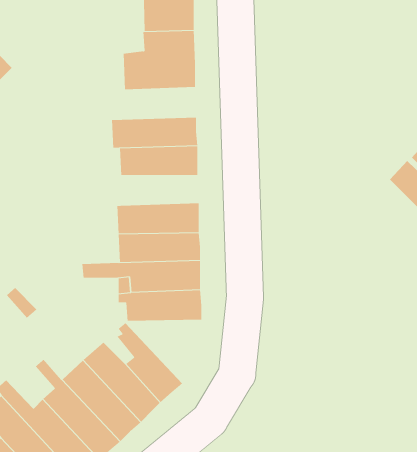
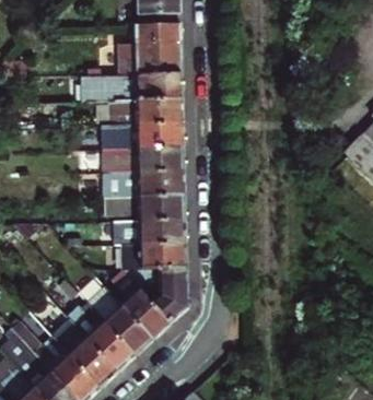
building: none -> [81,74,180,103]
building: none -> [116,149,183,174]
building: none -> [119,270,186,323]

